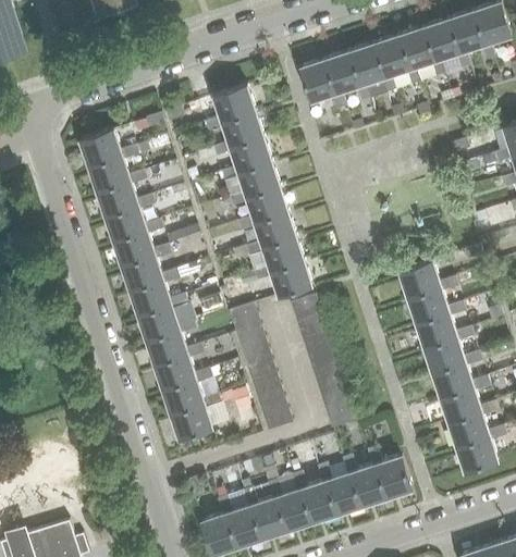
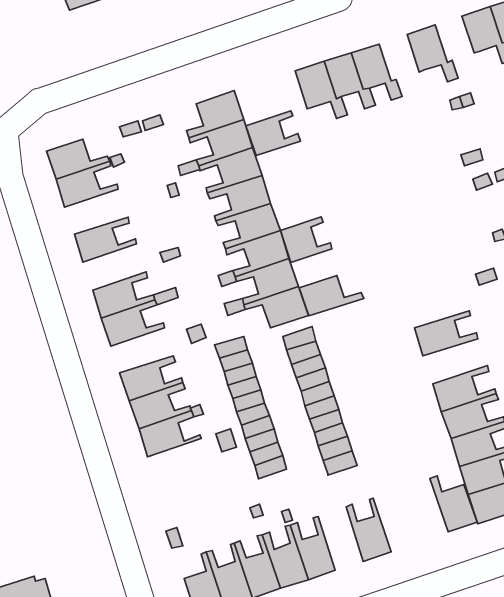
building: [426,20,470,71] -> none
building: [376,36,421,86] -> none
building: none -> [246,111,301,156]
building: [95,174,151,214] -> none
building: none -> [280,217,332,262]
building: [111,223,168,264] -> none
building: [398,262,456,298] -> [299,276,364,316]
building: [136,298,192,338] -> none
building: [415,308,472,348] -> none
building: [169,397,219,438] -> none
building: [370,448,413,498] -> [430,476,477,532]
building: [321,458,361,515] -> none

